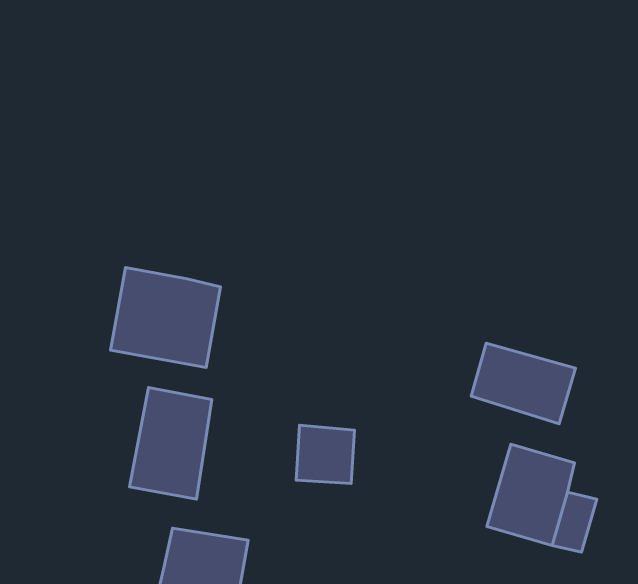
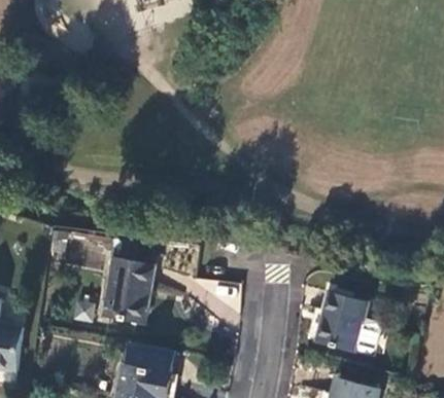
building: [110,268,220,367] -> none
building: [471,343,576,424] -> none

